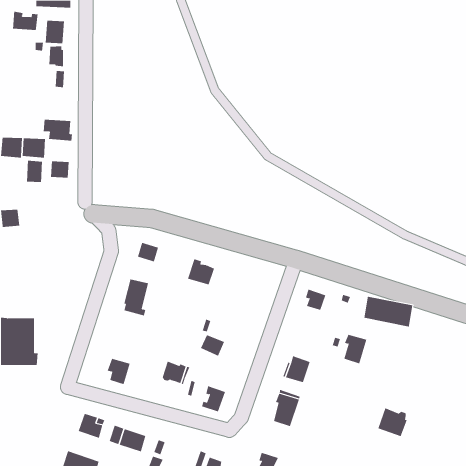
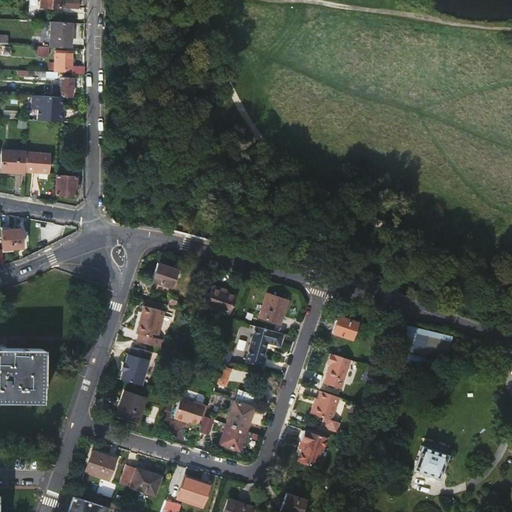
building: [12,11,38,31] -> none
building: [43,119,73,141] -> [31,96,64,120]
building: [26,160,42,183] -> none
building: none -> [260,295,288,323]
building: none -> [246,325,282,366]
building: none -> [121,346,150,385]
building: [343,334,367,364] -> [326,353,352,386]
building: none -> [228,404,254,430]
building: none -> [180,479,208,507]

